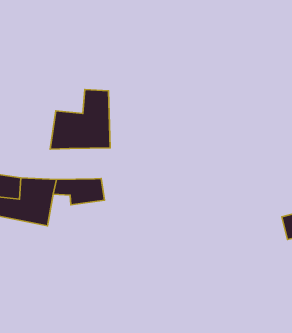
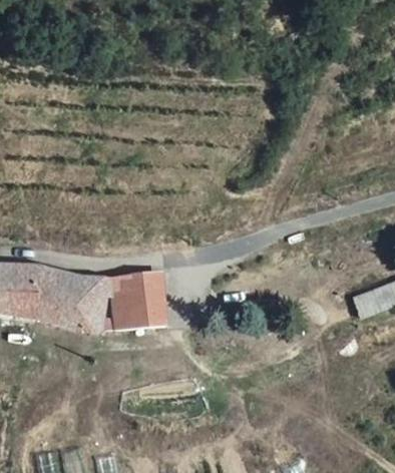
building: [50,90,110,149] -> none
building: none -> [120,291,162,322]

